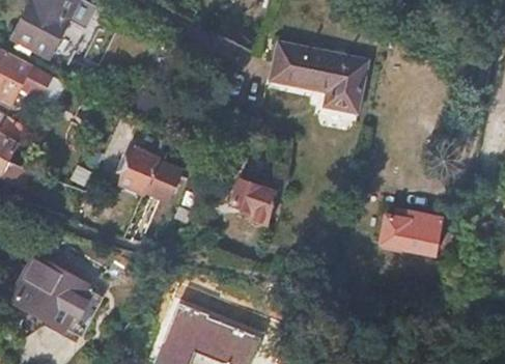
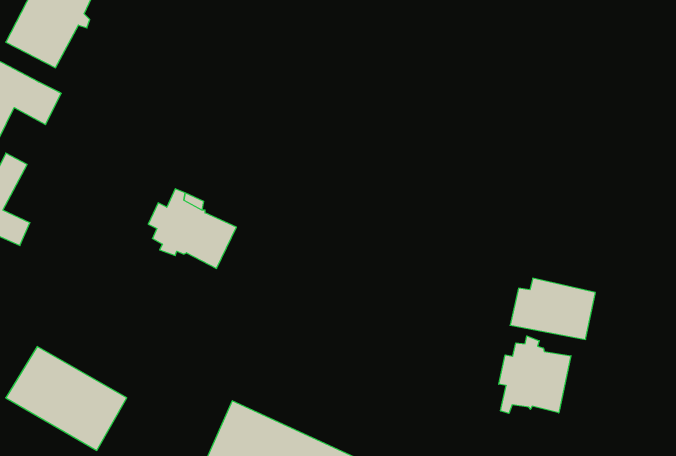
building: [270,43,366,111] -> none
building: [232,173,276,226] -> none
building: none -> [499,336,571,413]

